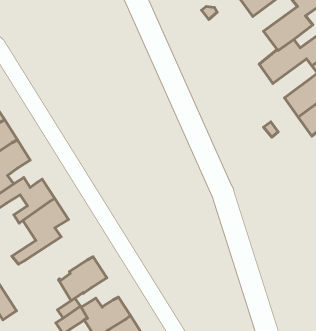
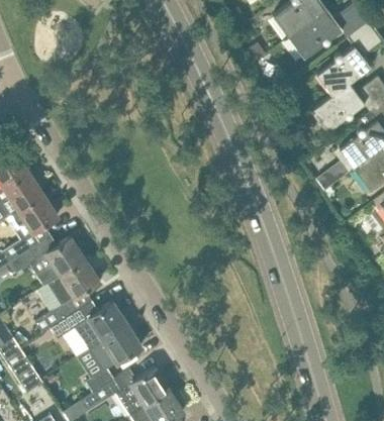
building: none -> [52,301,127,349]

